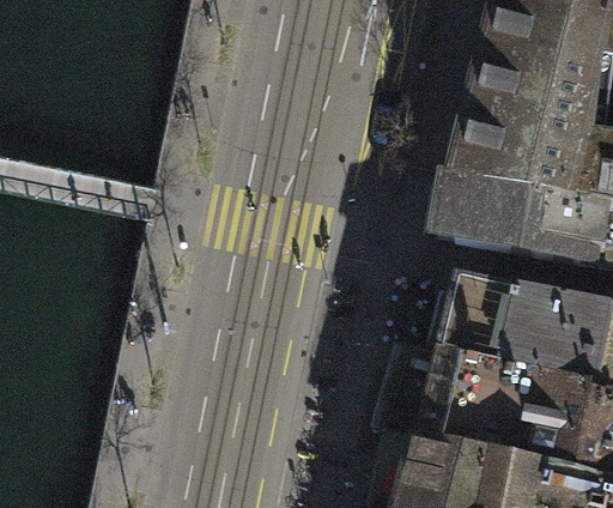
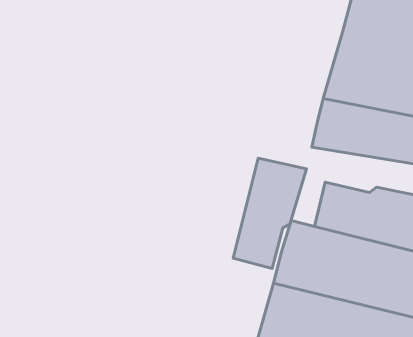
building: none -> [233,158,306,269]

